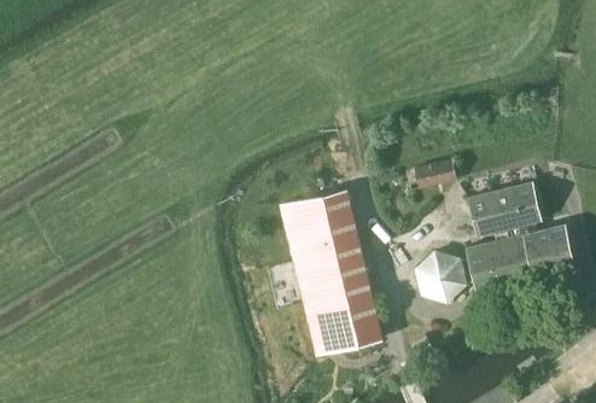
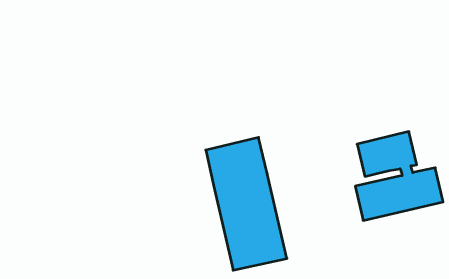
building: [405,159,456,189] -> none
building: [414,251,466,300] -> none

